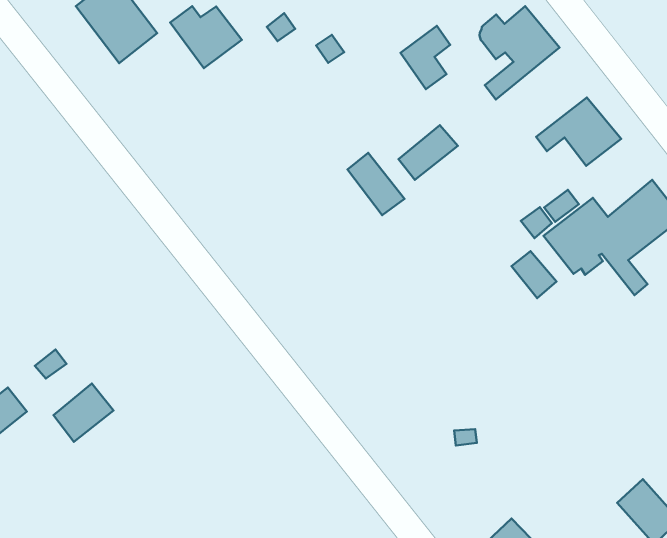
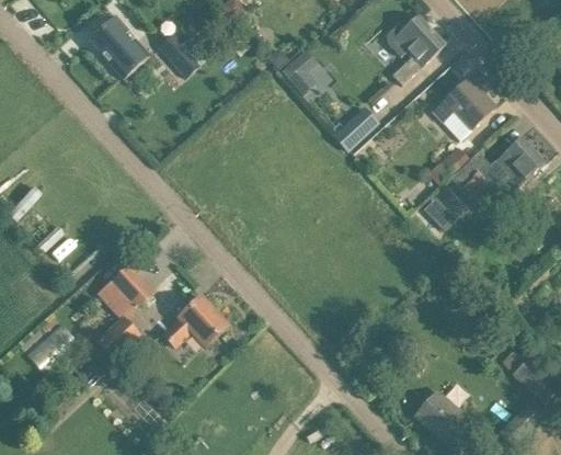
building: [400,26,450,89] -> [280,46,317,93]
building: [347,153,404,215] -> none
building: none -> [110,263,154,308]
building: none -> [162,295,228,345]

